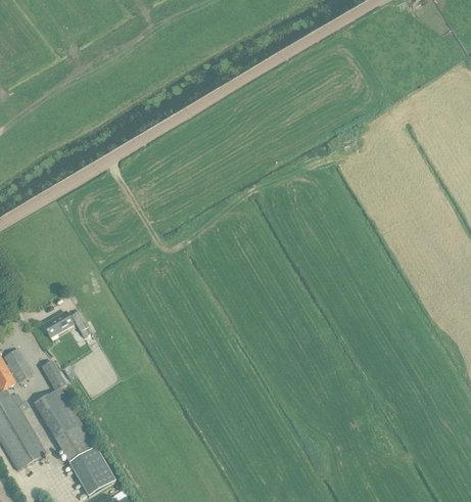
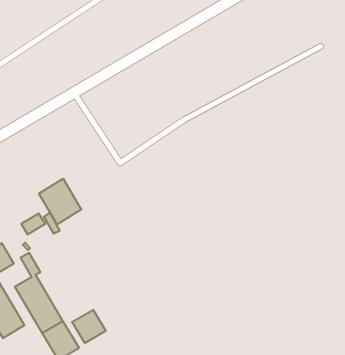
building: none -> [39,179,81,225]
building: none -> [72,310,106,343]

